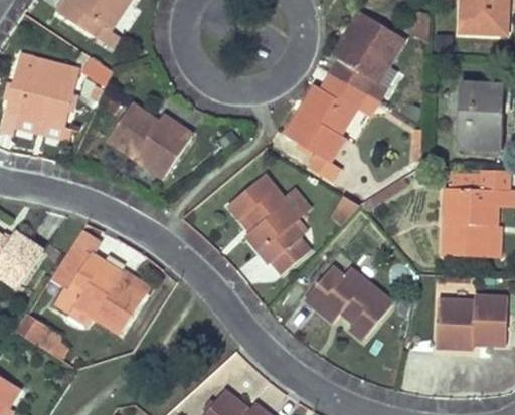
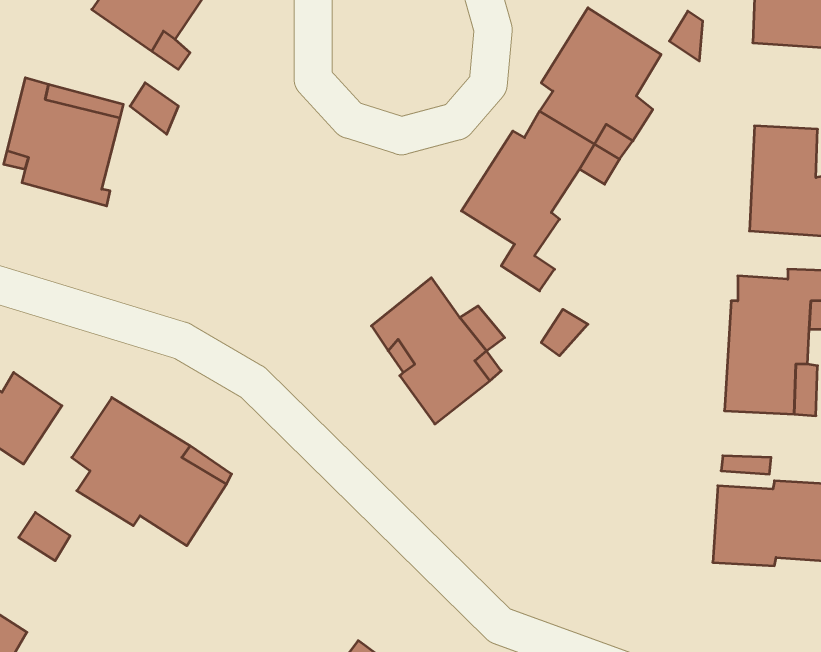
building: [108,102,192,177] -> none
building: [306,266,391,339] -> none

